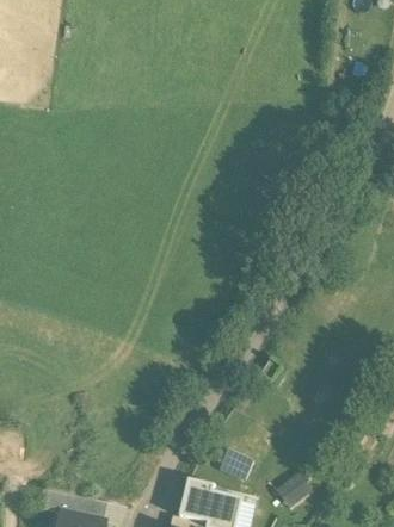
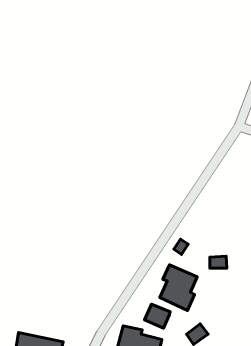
building: none -> [160,265,197,310]

